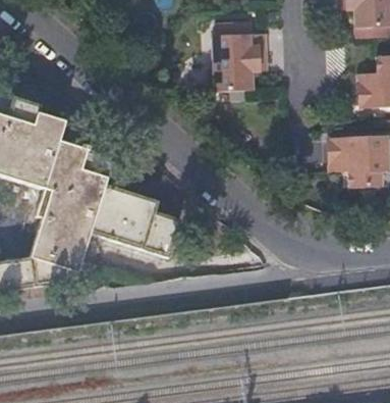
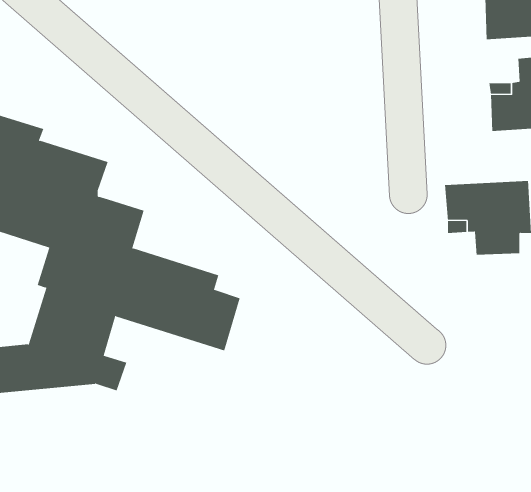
building: [206,26,264,94] -> none

